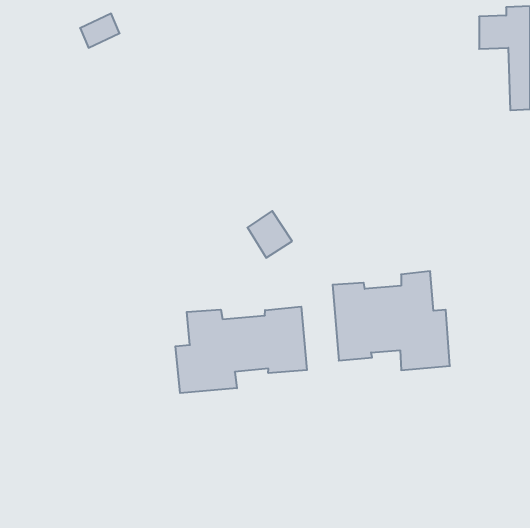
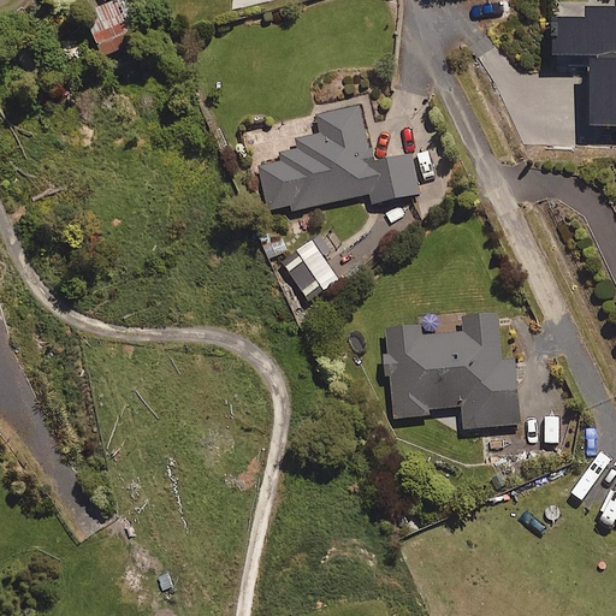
building: none -> [259,105,421,209]
building: [175,307,307,393] -> none

